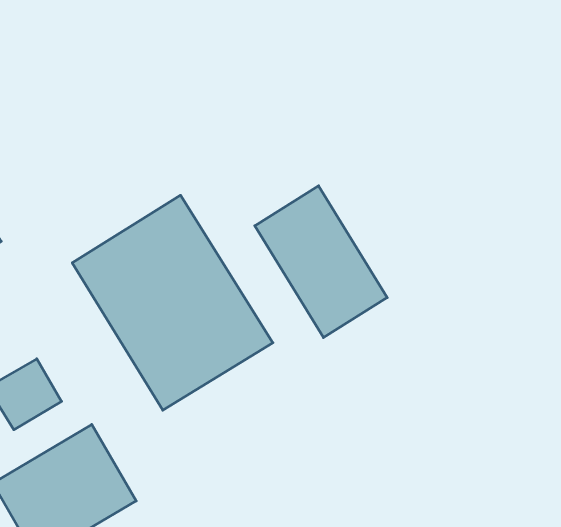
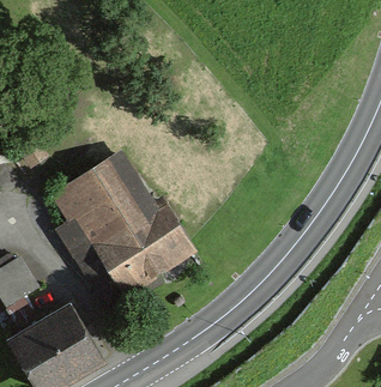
building: [255,186,387,338] -> none

